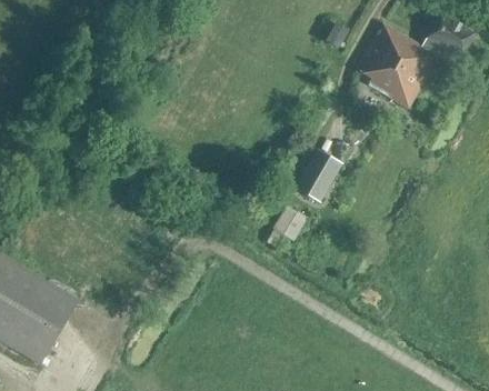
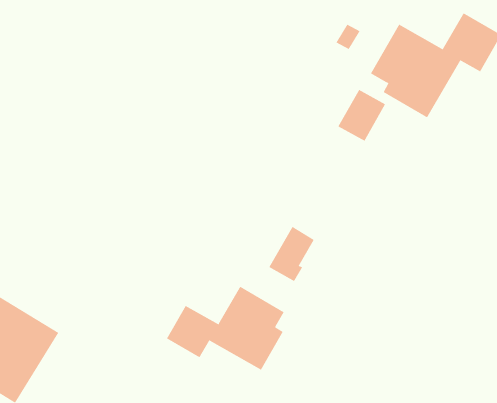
building: [297,151,340,198] -> [338,89,386,141]
building: none -> [166,286,285,371]

